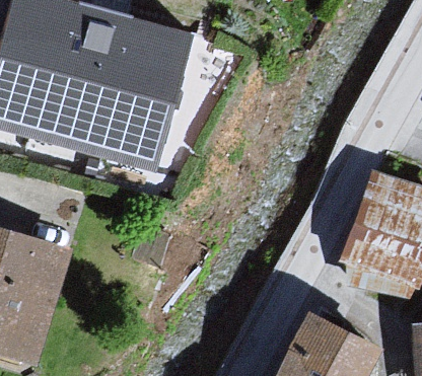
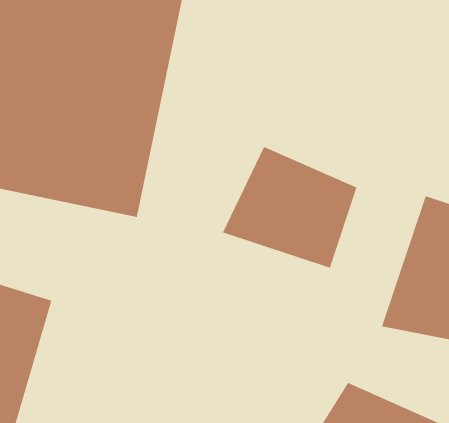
building: none -> [222,146,357,269]

